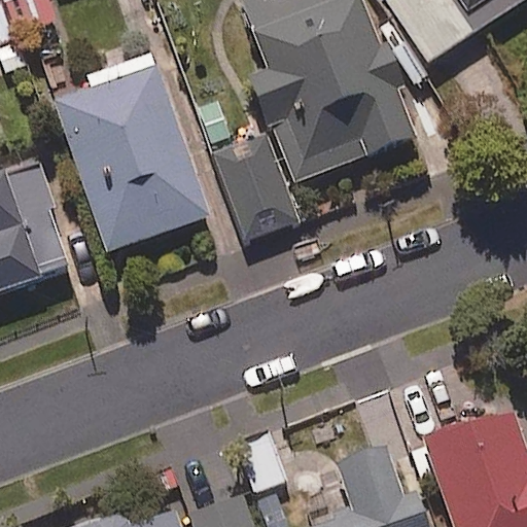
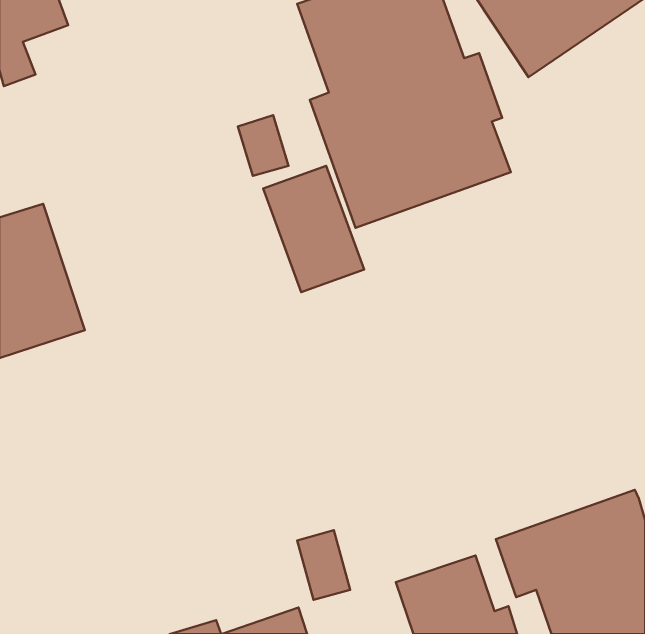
building: [56,54,209,252] -> none

